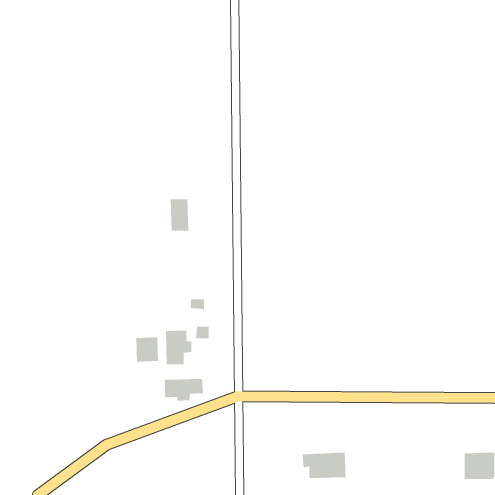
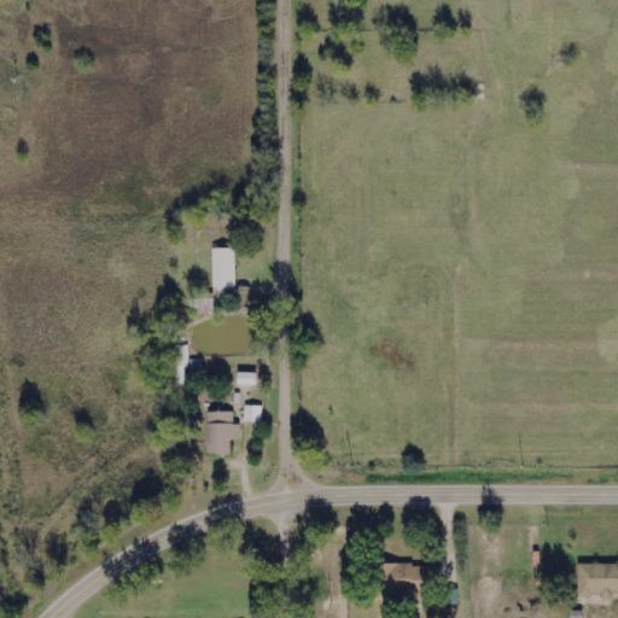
building: [136,337,159,363] -> none
building: [164,378,204,402] -> none

